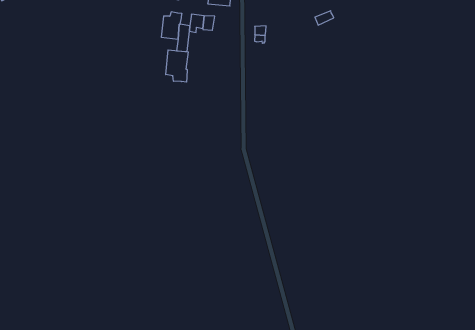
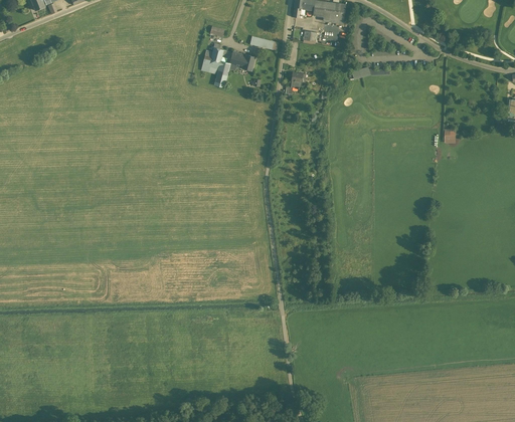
building: [166,50,188,82] -> none

